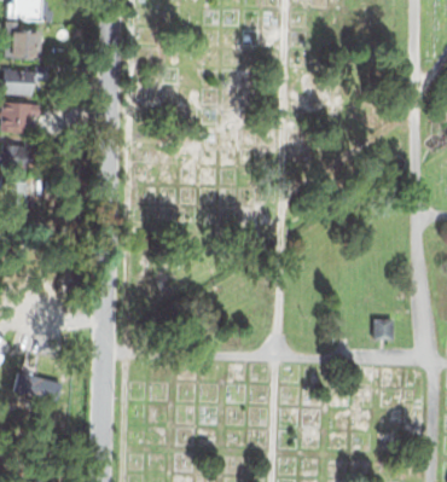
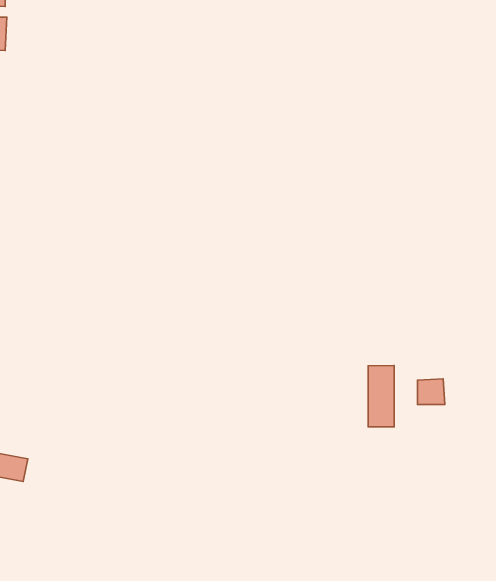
building: none -> [368,366,394,427]

